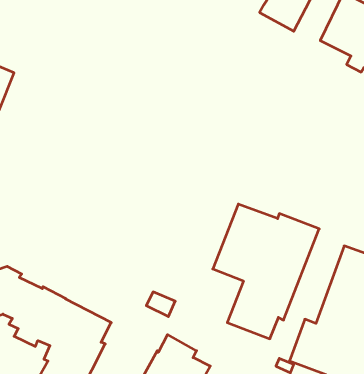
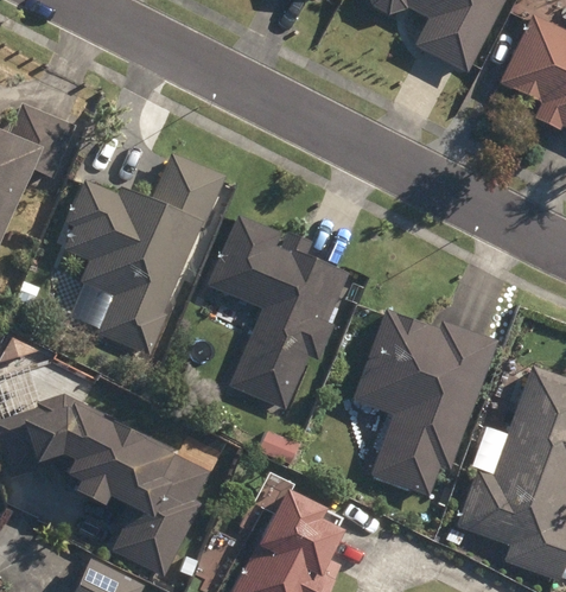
building: none -> [64,153,227,354]
building: none -> [208,215,350,408]

